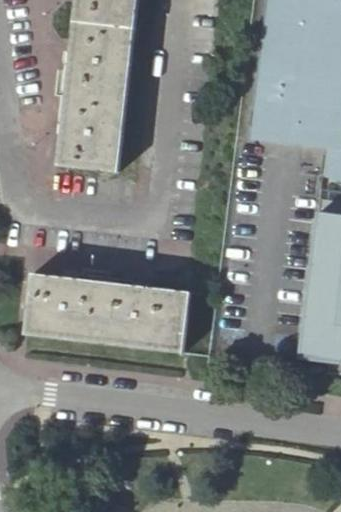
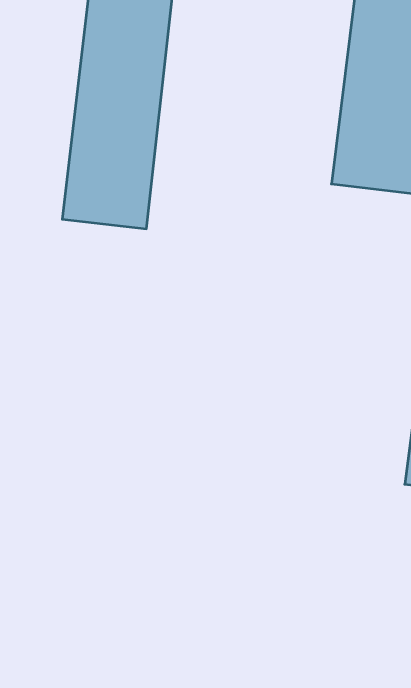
building: [22,273,187,353] -> none

